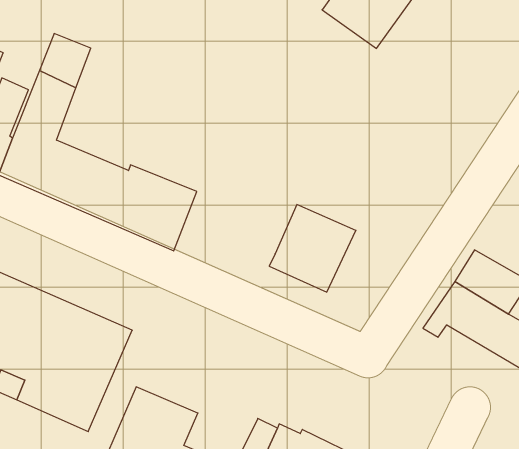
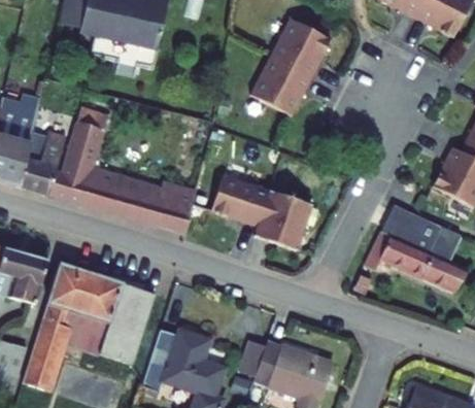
building: none -> [246,53,308,112]
building: none -> [206,175,265,227]

